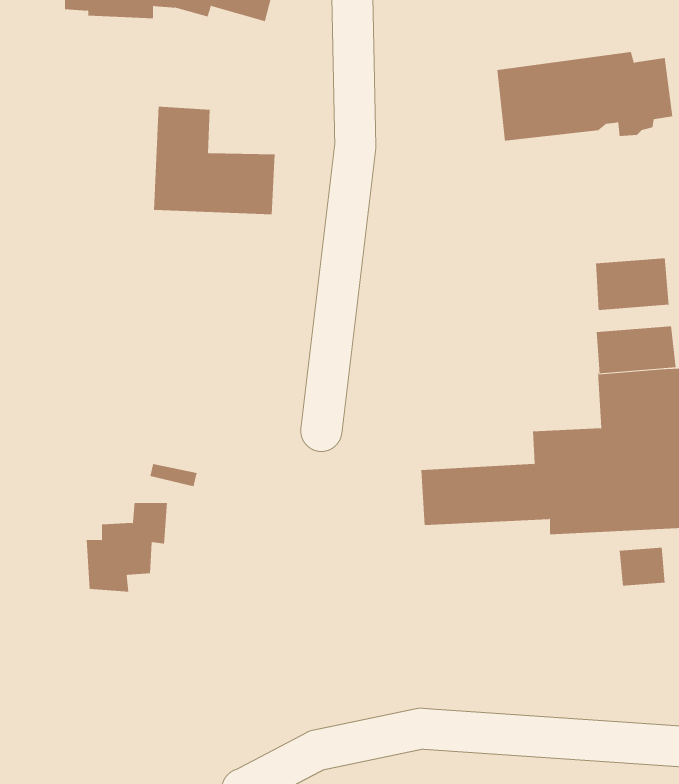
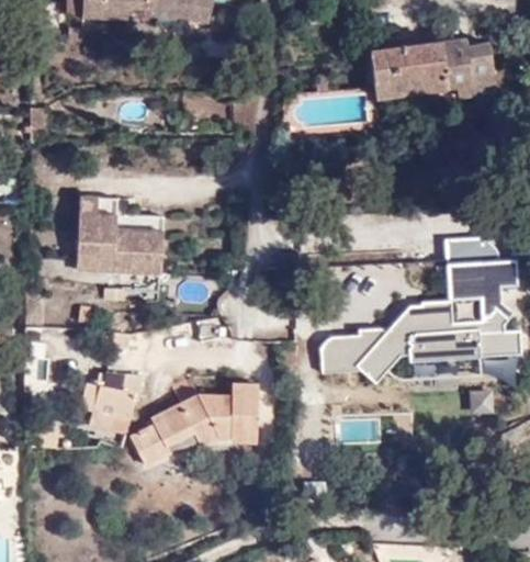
building: [153,106,275,215] -> [78,192,165,269]
building: [596,258,669,311] -> none
building: none -> [127,384,258,459]

